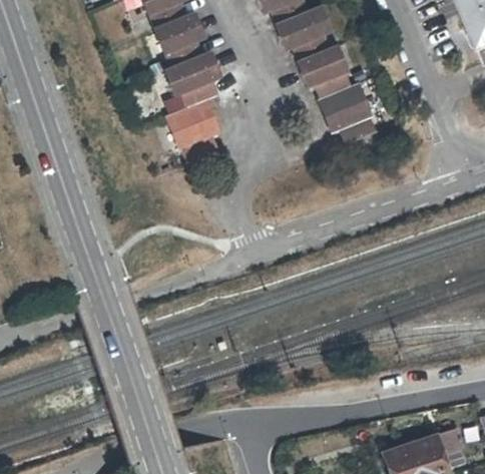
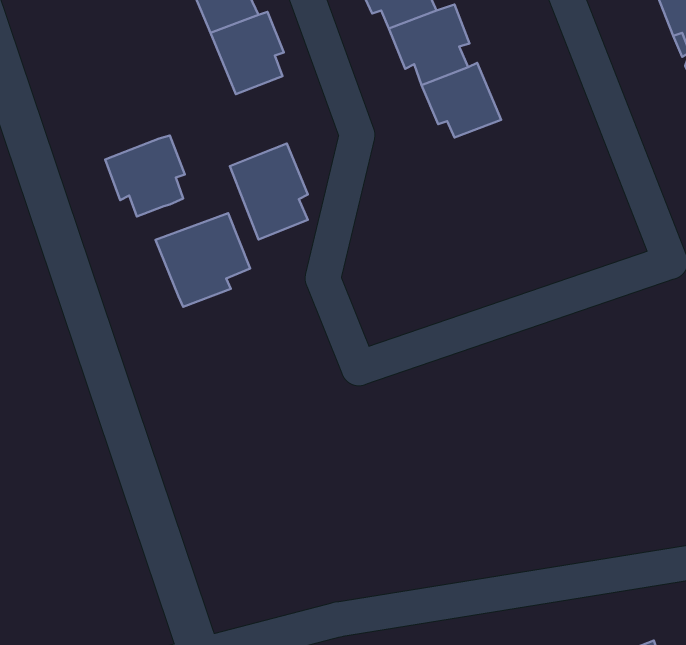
building: [167,50,220,104] -> [105,136,185,216]
building: [319,79,376,140] -> none
building: none -> [156,213,250,307]

